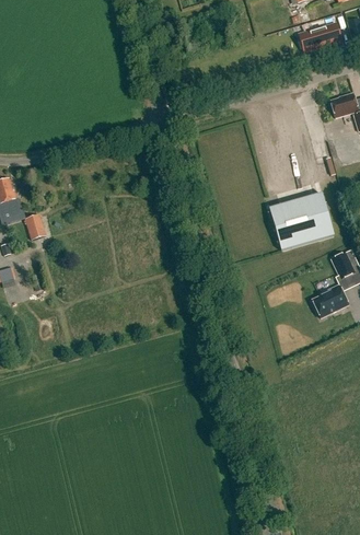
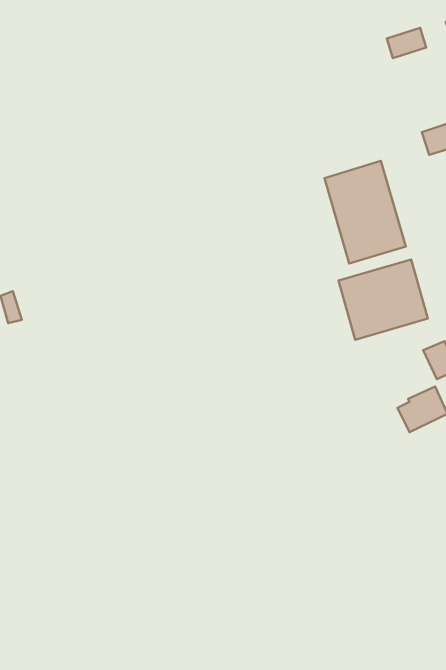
building: none -> [324,161,406,264]

